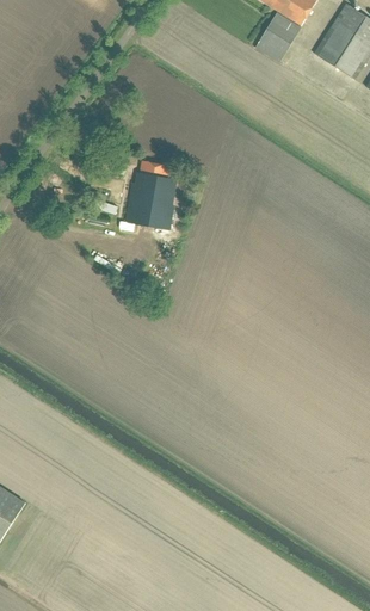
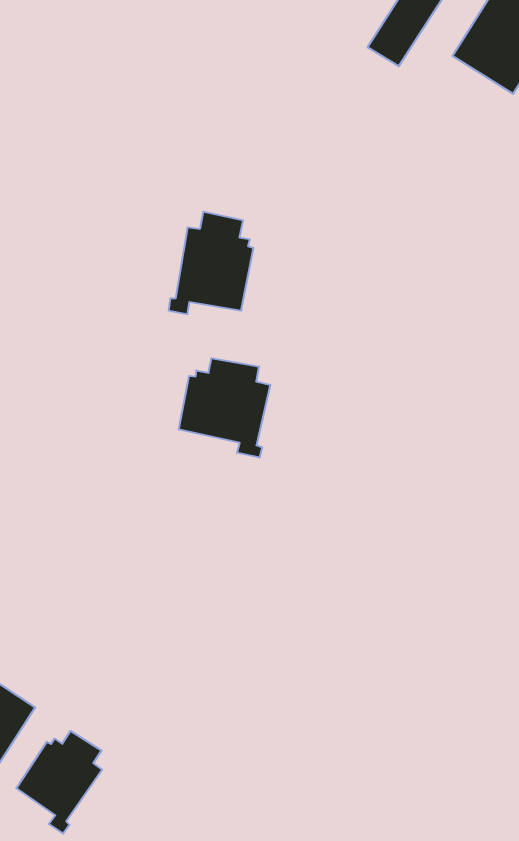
building: none -> [179,358,270,458]
building: none -> [16,731,102,834]

